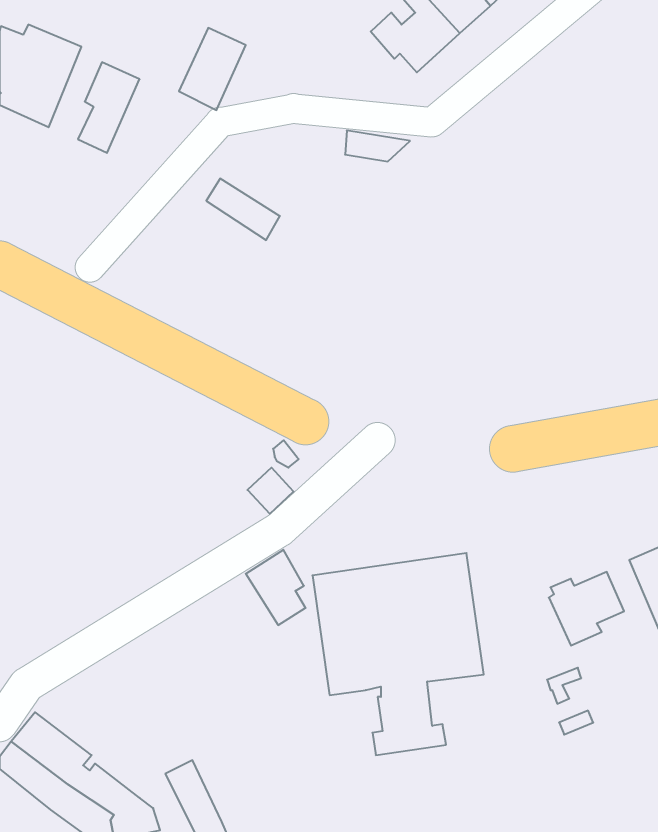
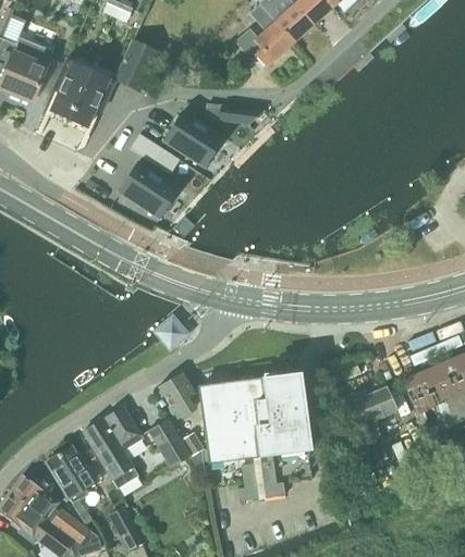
building: none -> [70,71,114,126]
building: none -> [164,110,223,166]
building: none -> [119,161,179,216]
building: none -> [83,405,143,486]
building: none -> [149,417,205,469]
building: none -> [47,445,99,523]

